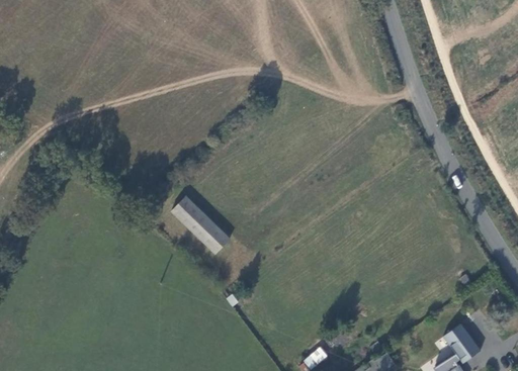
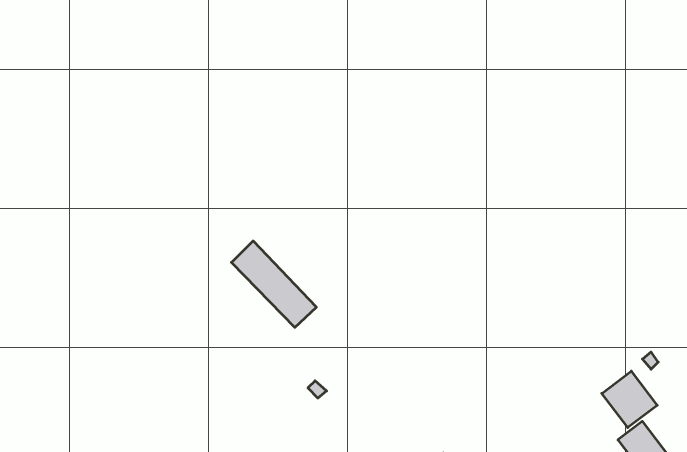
building: none -> [602,371,657,428]

